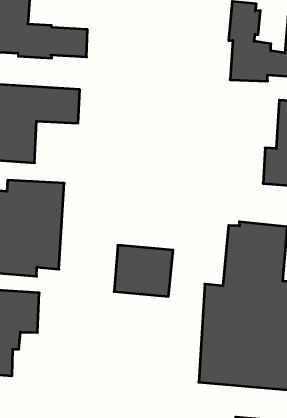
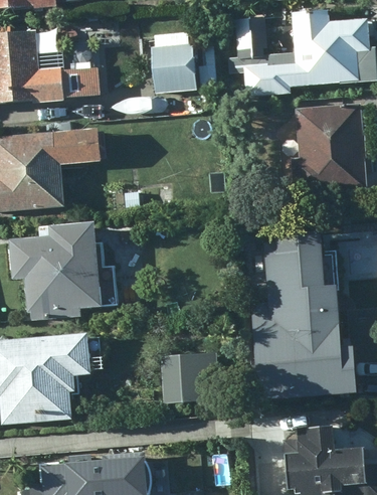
building: none -> [147,36,215,91]
building: [114,245,173,296] -> [160,352,217,401]

